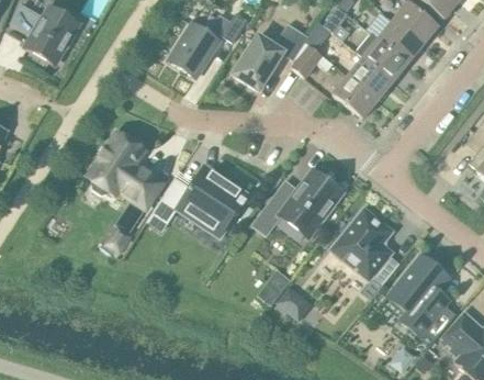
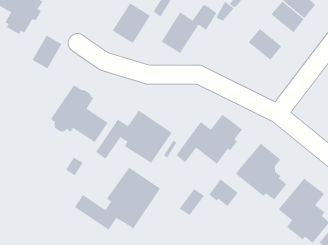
building: [356,33,408,81] -> none
building: [290,43,333,78] -> none
building: none -> [32,35,62,69]
building: [333,76,378,119] -> none
building: none -> [74,167,161,231]
building: [274,284,314,322] -> [209,179,239,207]

